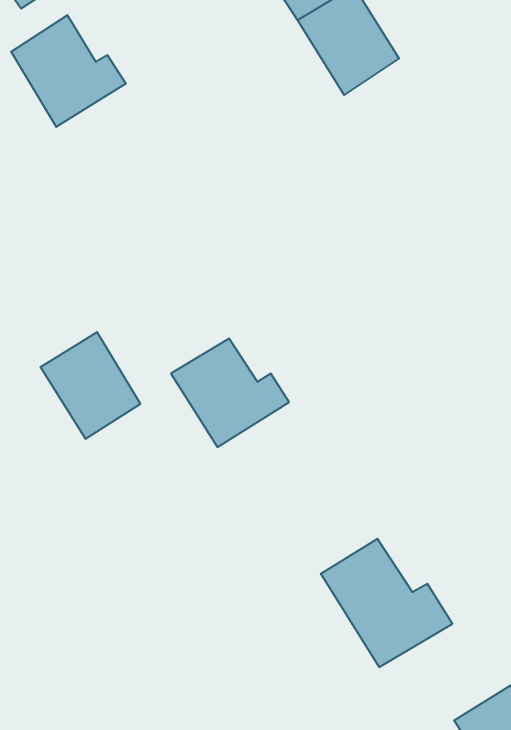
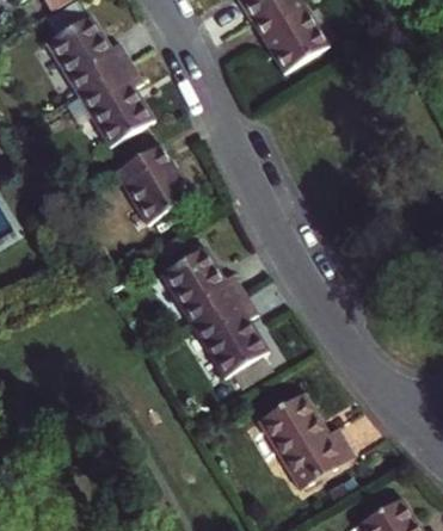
building: none -> [76,66,148,147]
building: [40,332,140,439] -> [117,147,189,223]
building: none -> [192,294,265,376]

